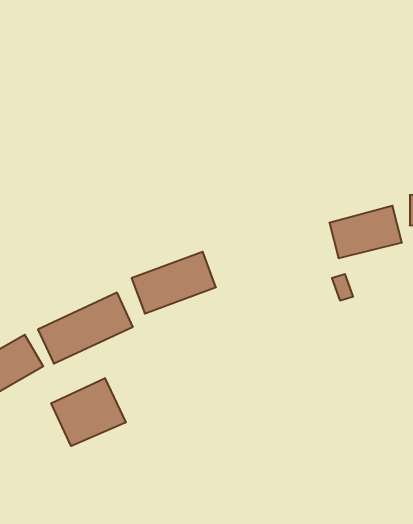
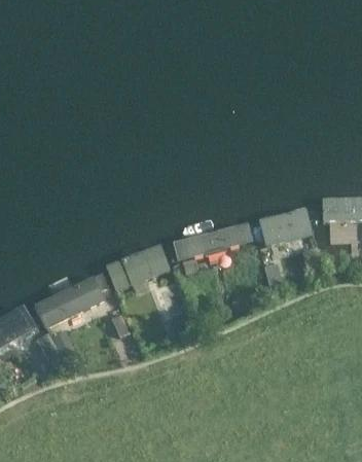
building: none -> [172,221,252,259]
building: [51,378,126,446] -> none

